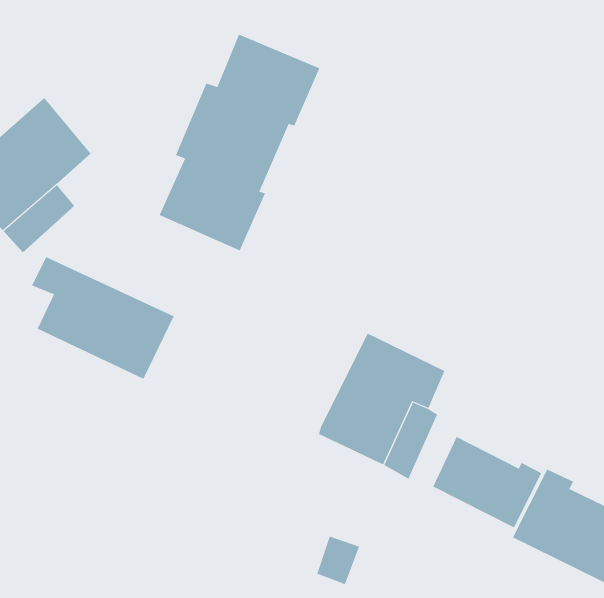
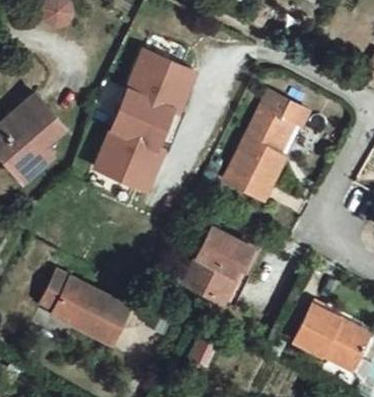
building: none -> [221,88,306,196]
building: [31,256,175,380] -> [50,274,130,343]
building: [432,436,542,528] -> none

